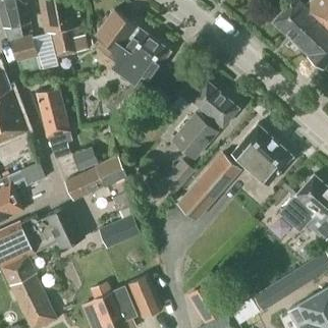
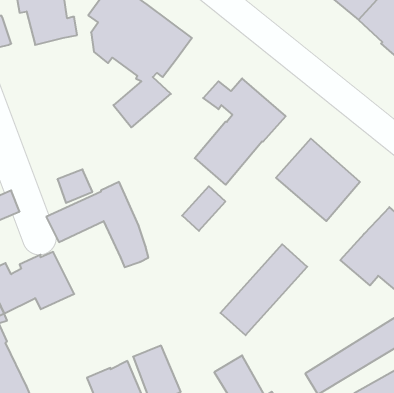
building: [37,89,71,159] -> none
building: [177,154,240,220] -> [220,244,307,335]
building: [98,215,140,250] -> none

